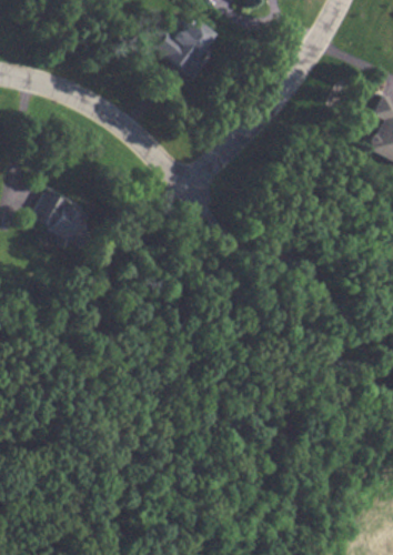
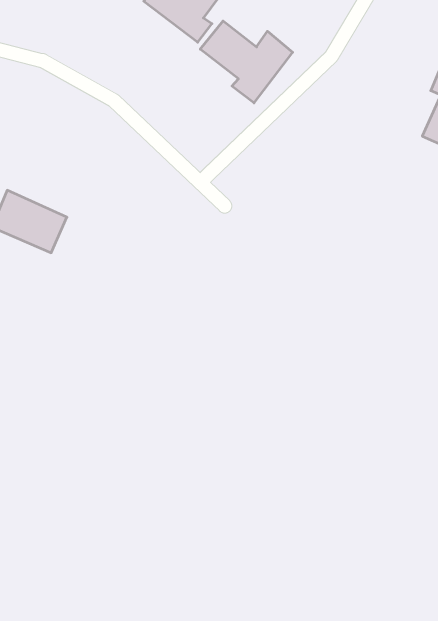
building: none -> [200,21,293,103]

